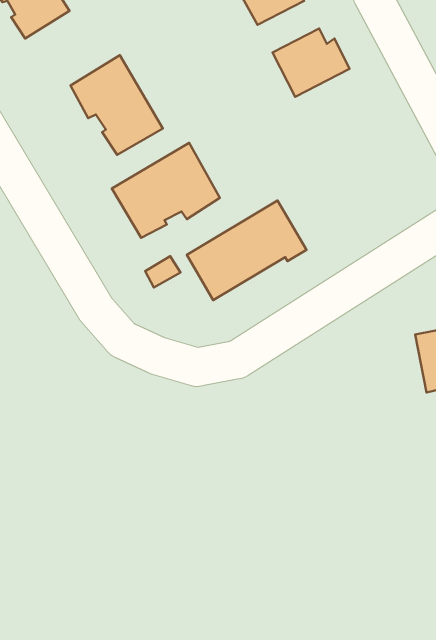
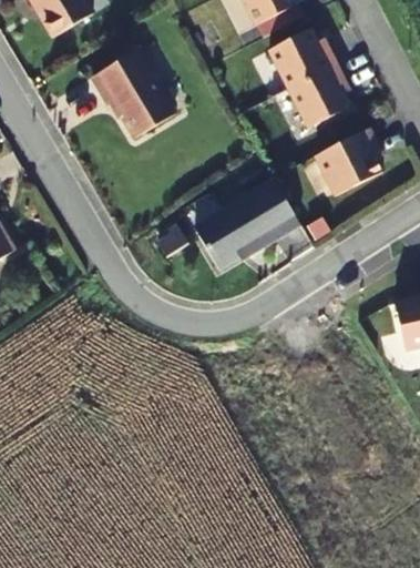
building: none -> [290,64,351,128]
building: none -> [317,128,385,195]
building: [112,143,220,238] -> none

